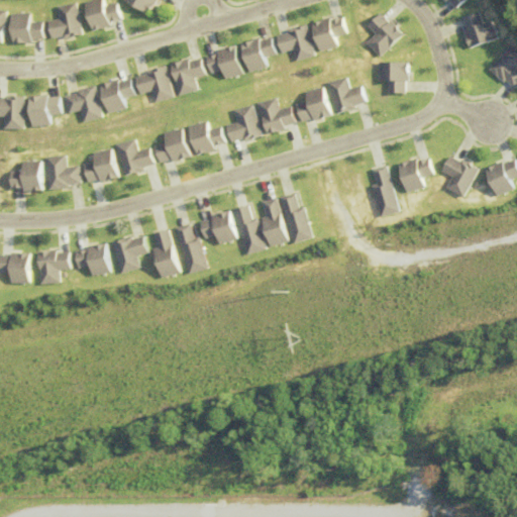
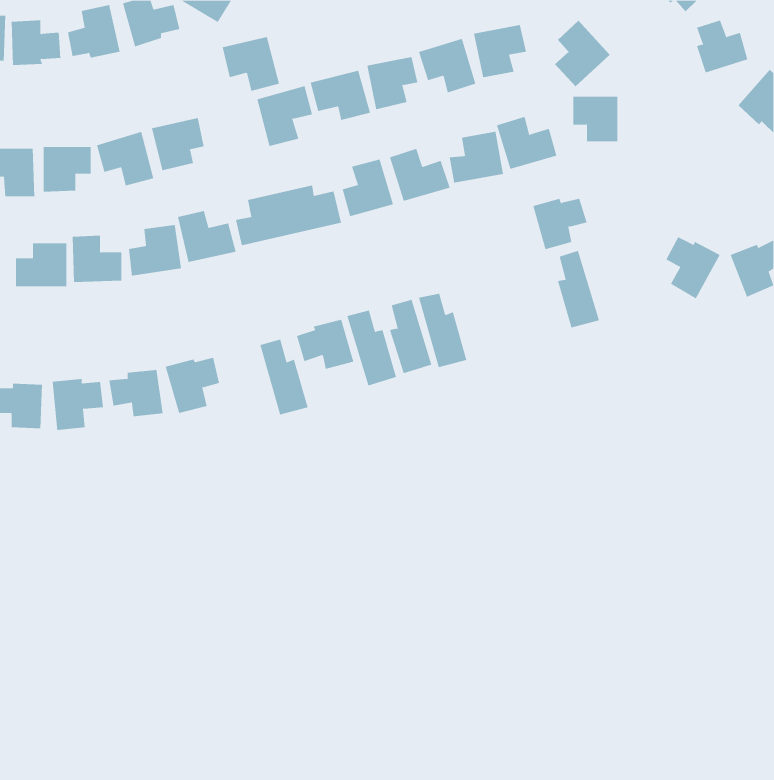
building: [135,68,174,104] -> [222,37,280,92]
building: [396,159,432,193] -> [533,198,587,250]
building: [150,230,177,279] -> none

